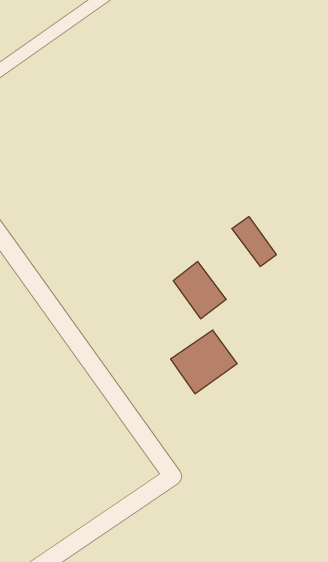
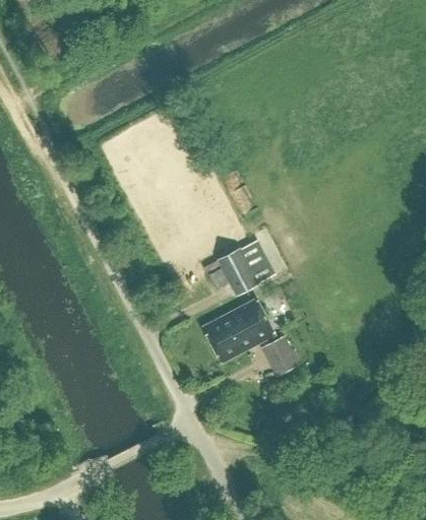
building: [232,217,276,266] -> [241,239,276,282]
building: none -> [261,335,300,376]

